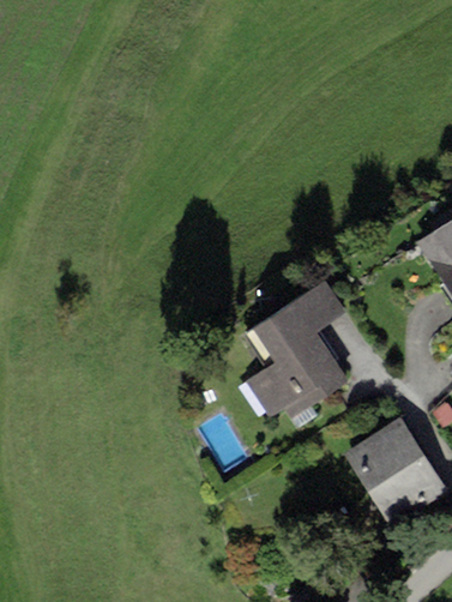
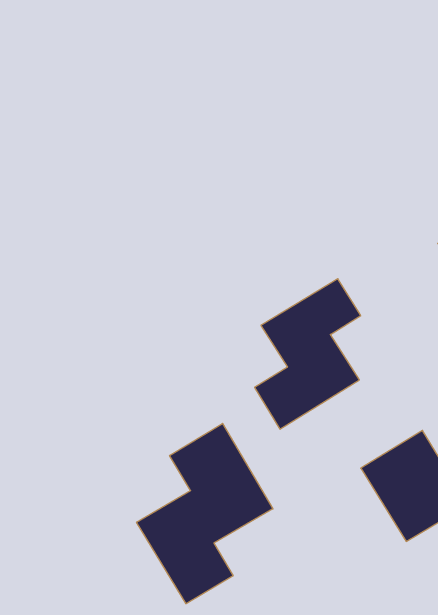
building: none -> [137,423,273,604]

